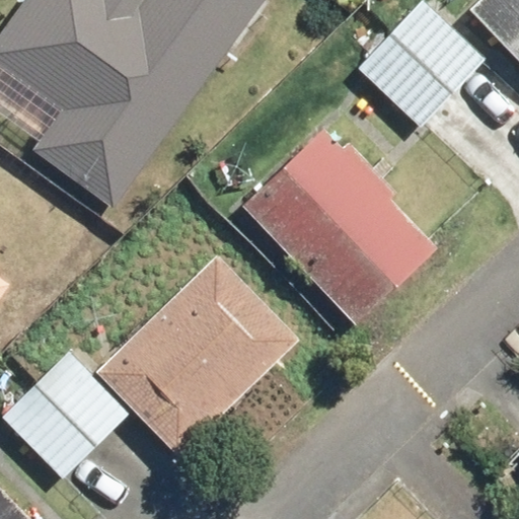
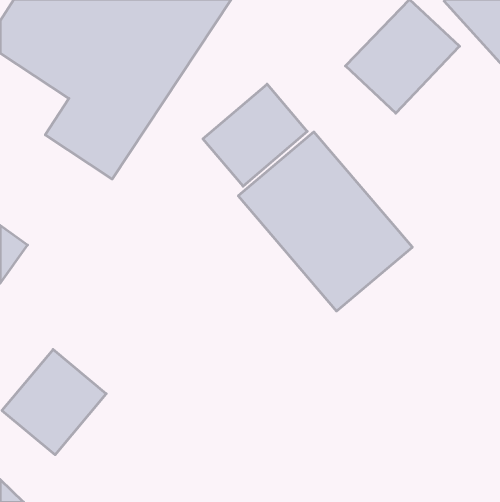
building: none -> [203,84,307,186]
building: [114,267,310,462] -> none

